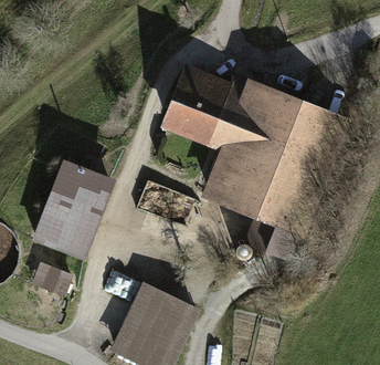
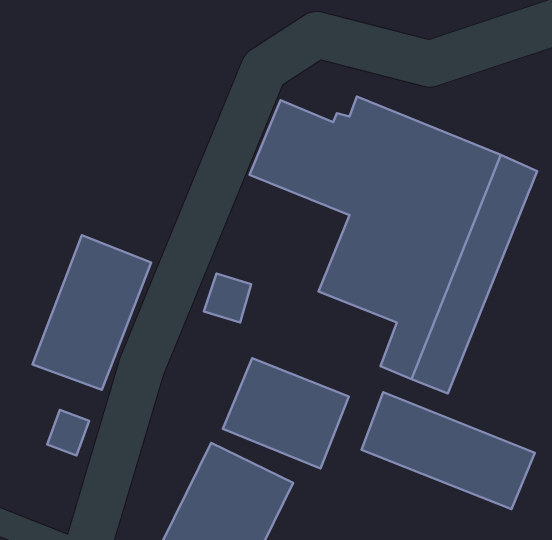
building: none -> [223,358,349,469]
building: none -> [361,392,535,509]

